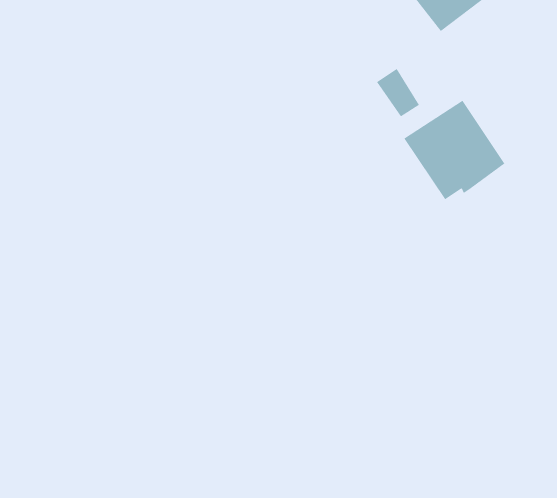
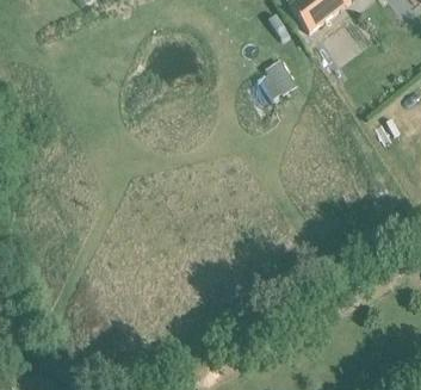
building: [404,100,505,200] -> none

